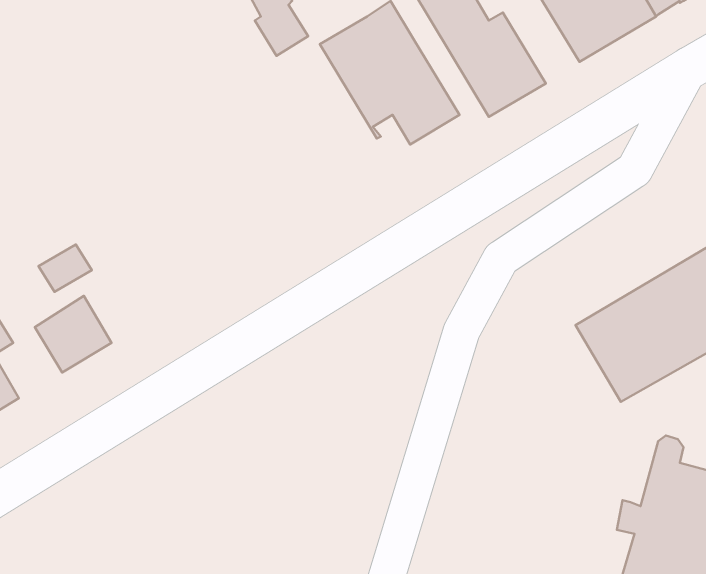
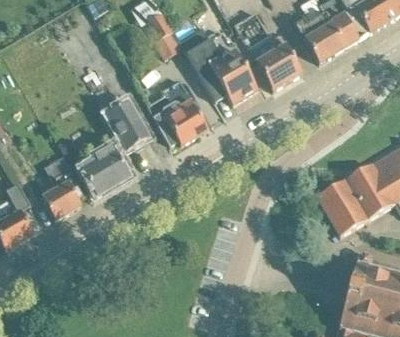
building: none -> [147,79,208,144]
building: none -> [106,102,149,150]
building: none -> [81,145,131,195]

